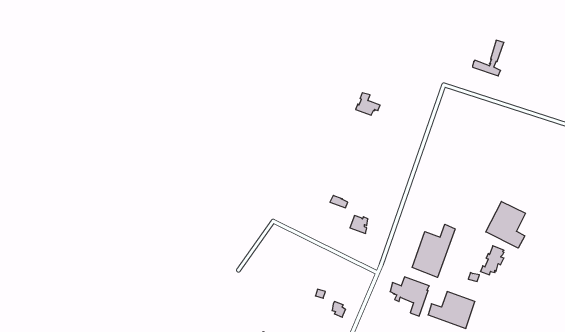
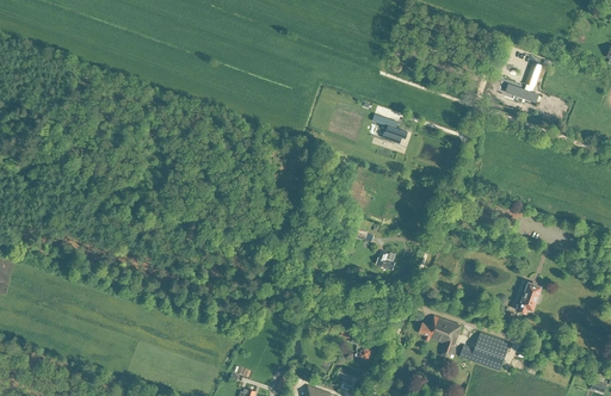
building: [486,201,525,248] -> none
building: [412,224,455,277] -> none

